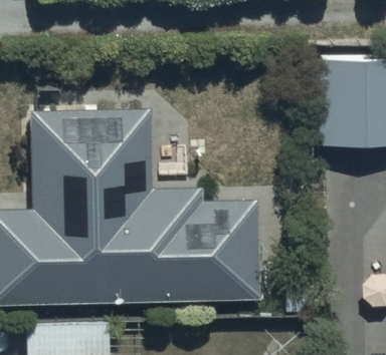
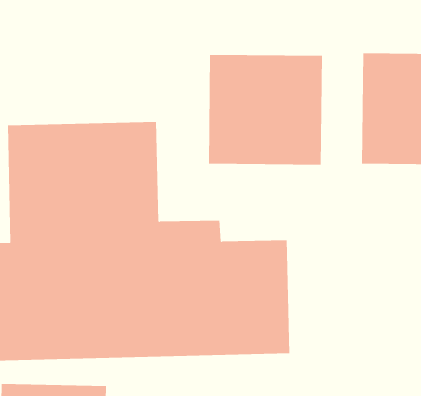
building: none -> [208,54,322,165]

